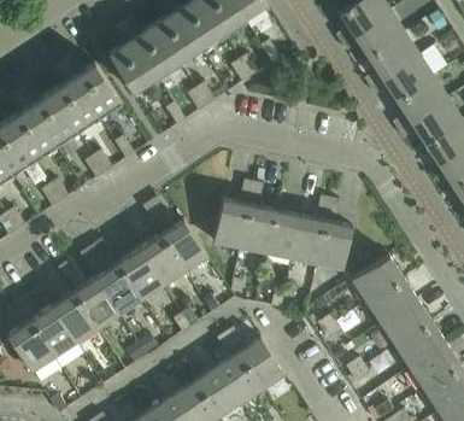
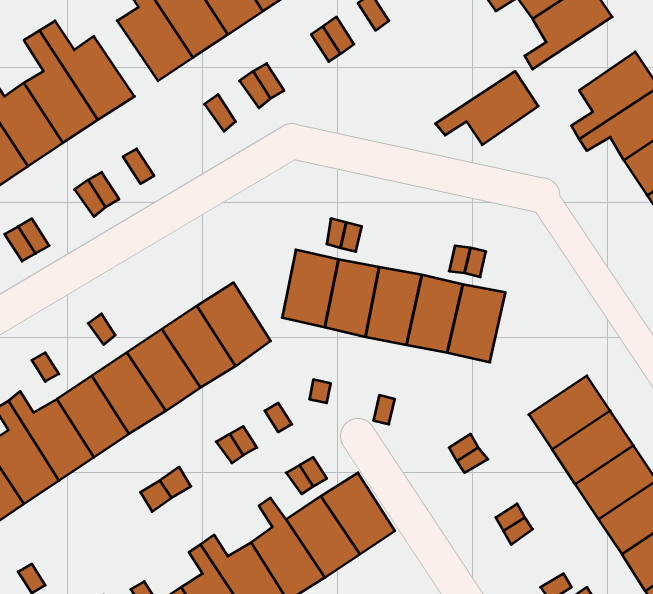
building: [369,54,433,100] -> [435,71,538,145]
building: [352,255,403,302] -> none

